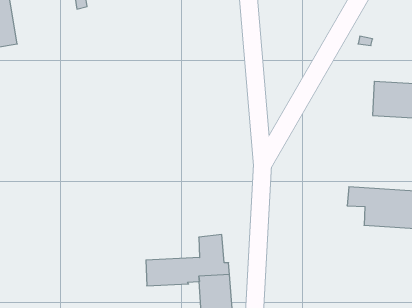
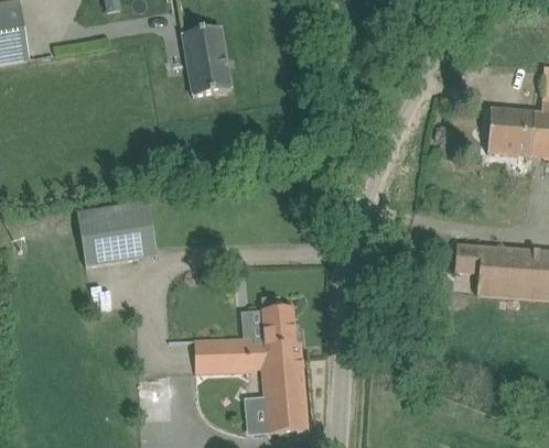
building: none -> [183,26,233,95]
building: none -> [76,200,152,267]

